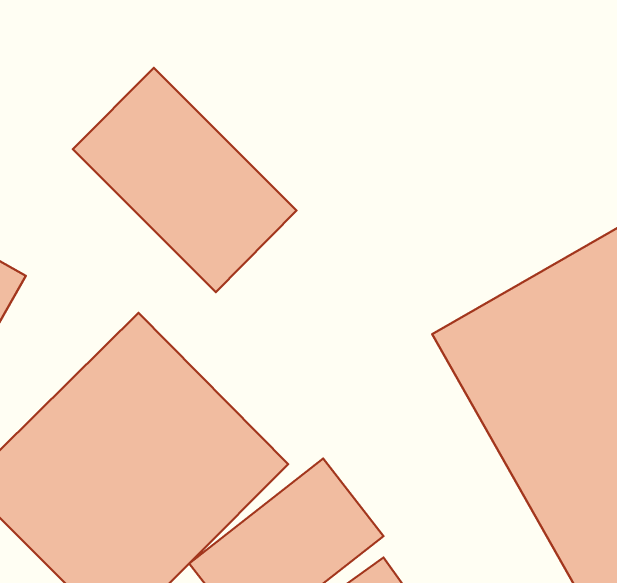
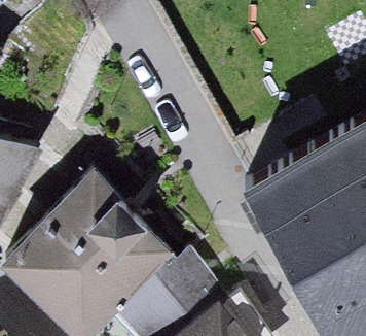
building: [73,68,297,292] -> none

